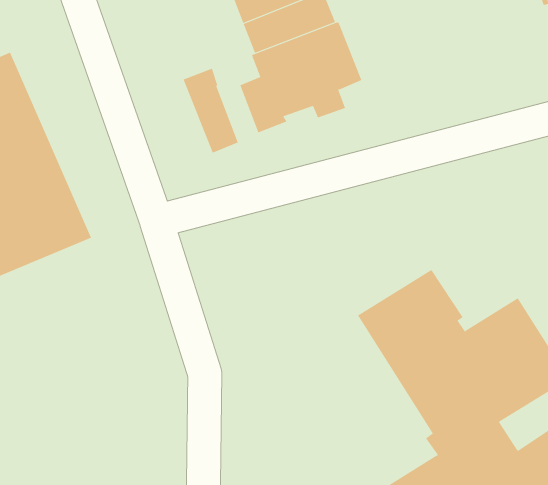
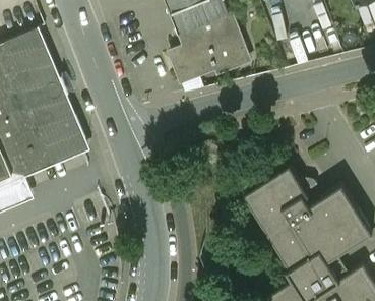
building: [183,68,239,153] -> none

